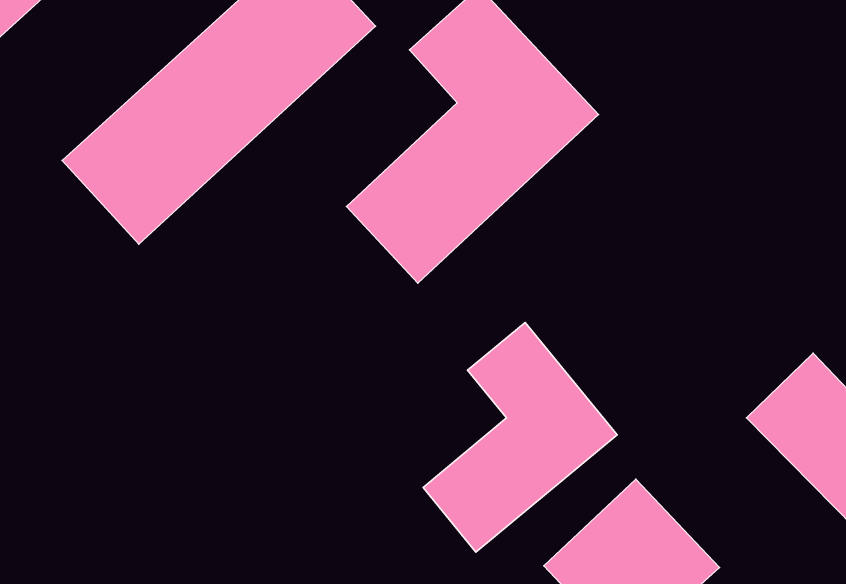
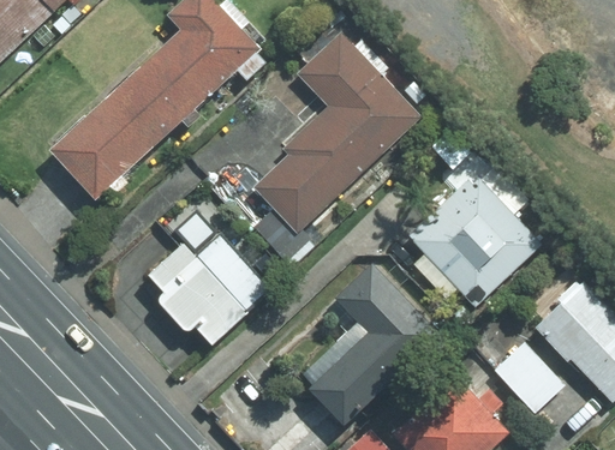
building: none -> [410,163,547,310]
building: none -> [131,233,273,360]
building: none -> [489,341,565,418]

